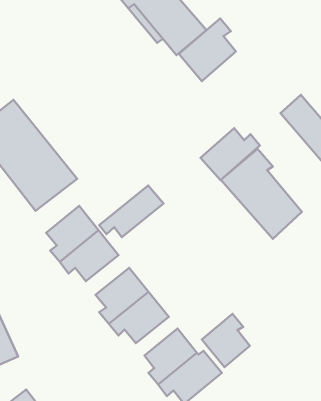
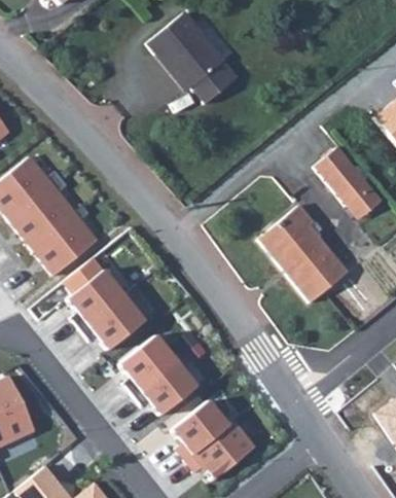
building: [179,18,236,81] -> none
building: [201,128,260,180] -> none
building: [99,185,164,237] -> none
building: [202,314,250,367] -> none

